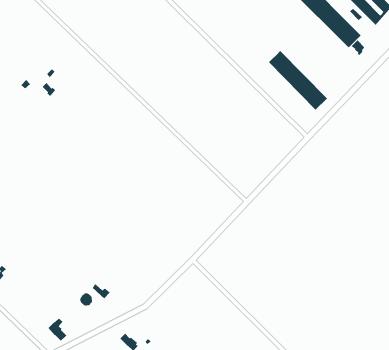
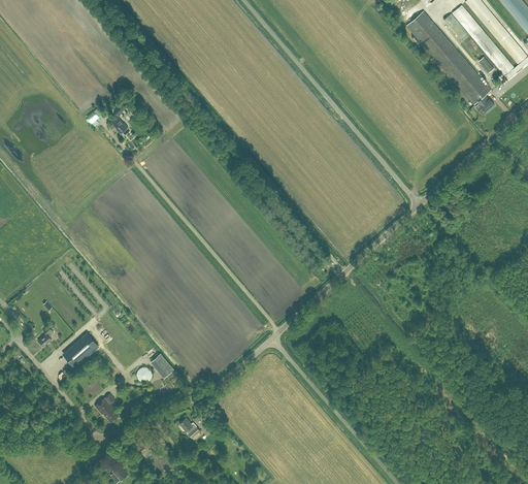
building: [268,50,328,111] -> none
building: none -> [64,333,98,366]

